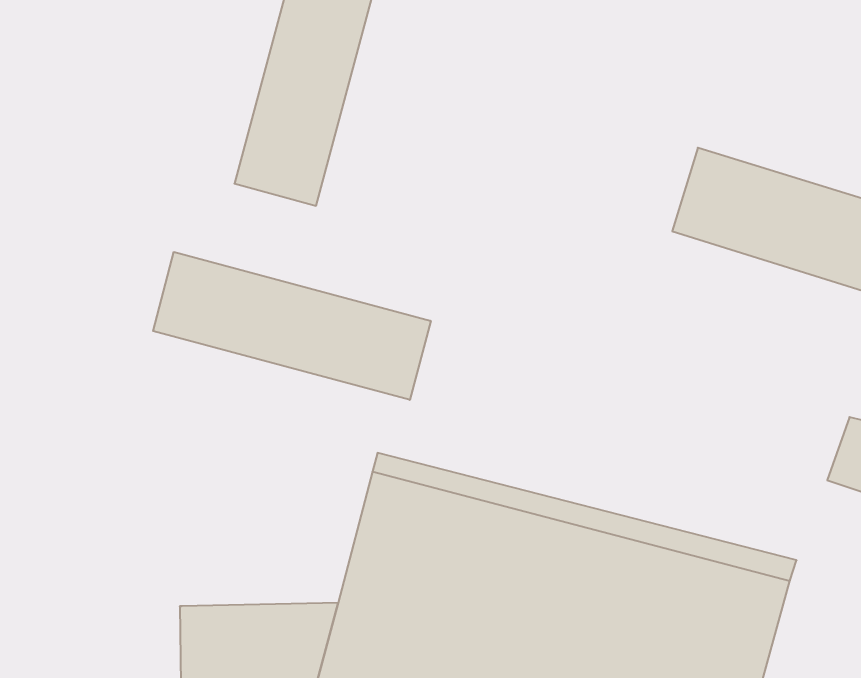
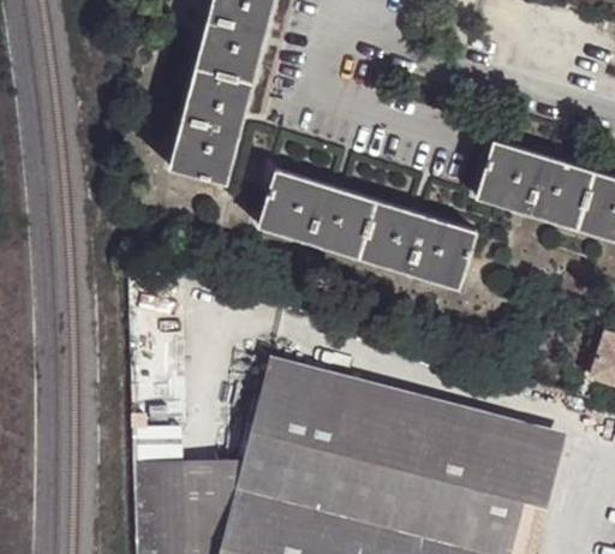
building: none -> [259,171,478,290]
building: [153,252,431,400] -> none

